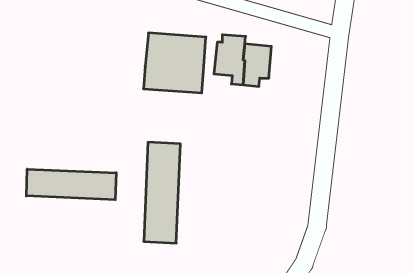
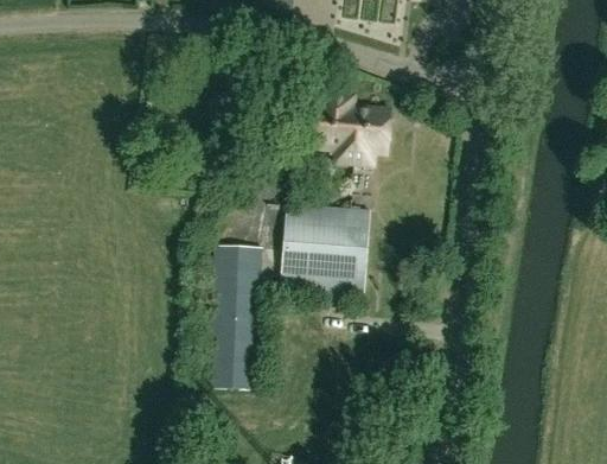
building: [143,33,206,93] -> [279,201,368,286]
building: [26,169,116,200] -> none

